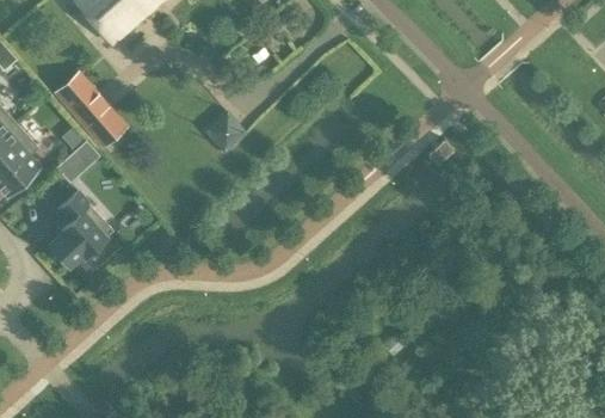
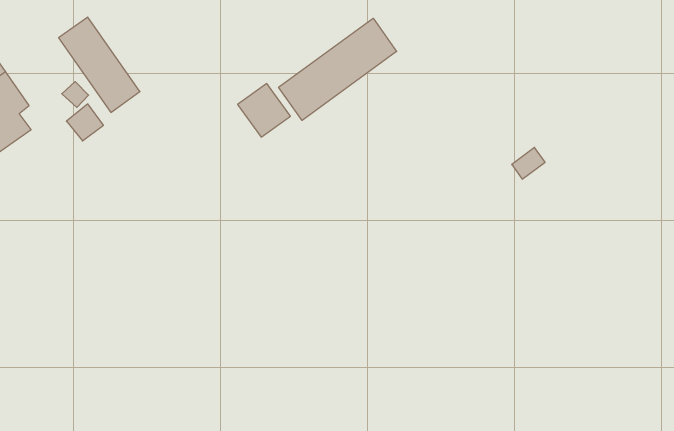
building: none -> [279,18,397,120]
building: [49,191,113,265] -> none

